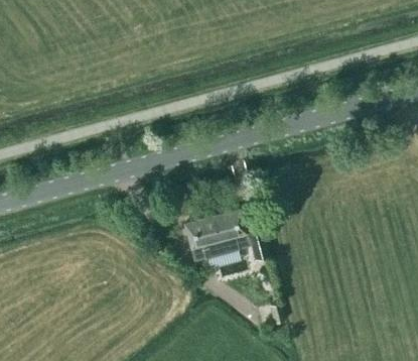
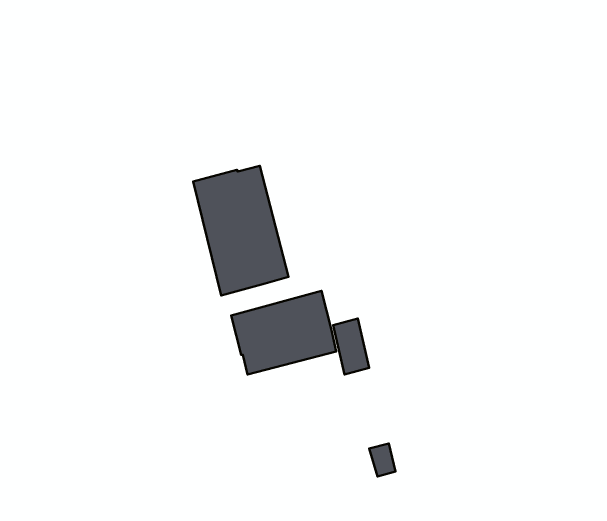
building: none -> [193,166,289,295]

